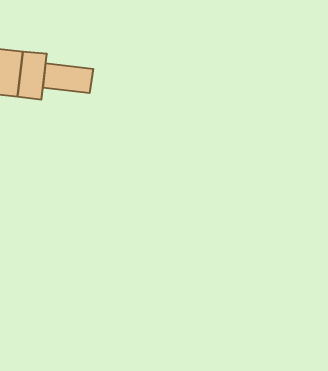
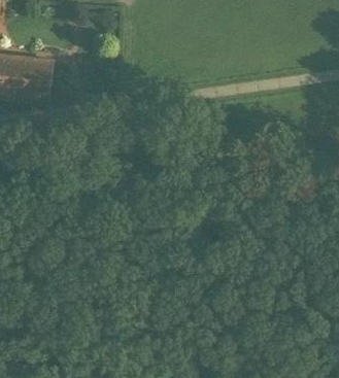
building: [43,63,93,93] -> none

